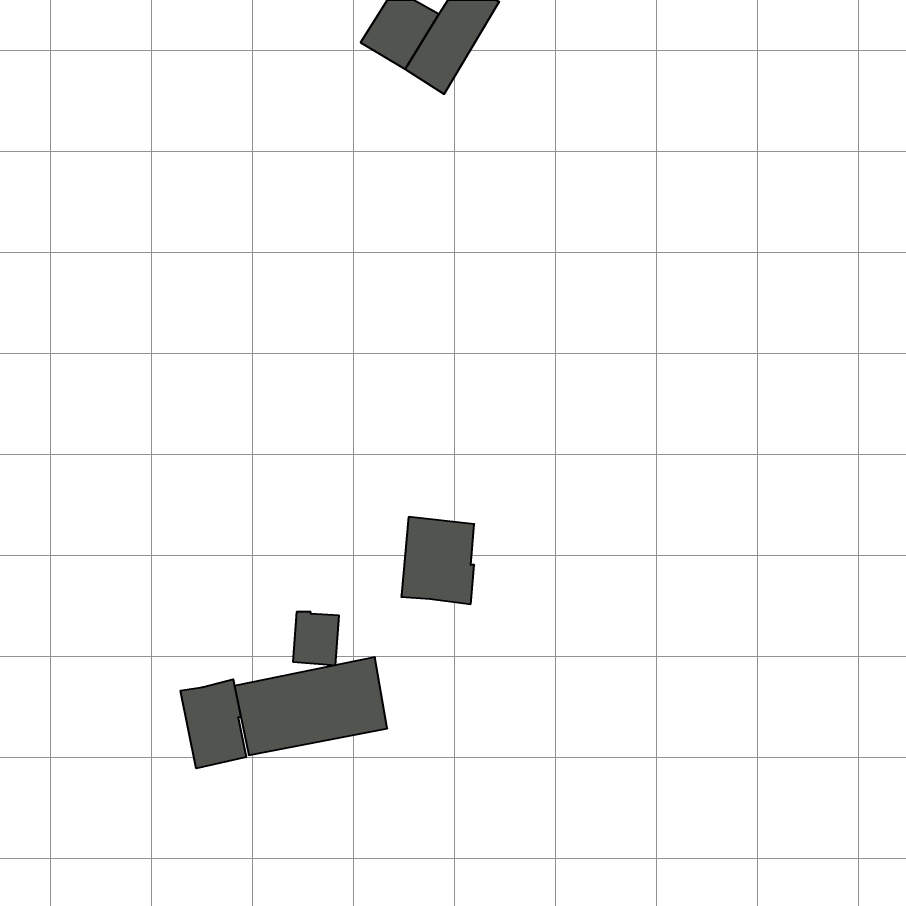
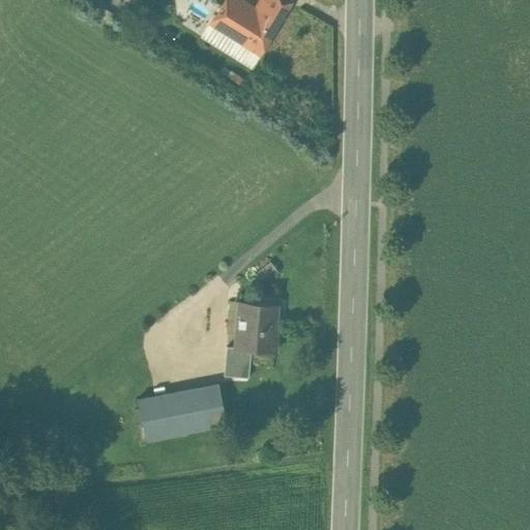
building: [293,612,339,665] -> [225,348,252,379]
building: [181,679,246,768] -> none

